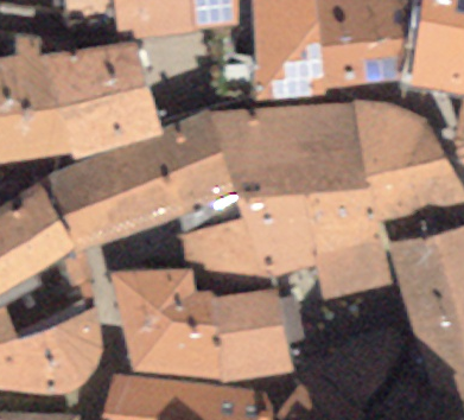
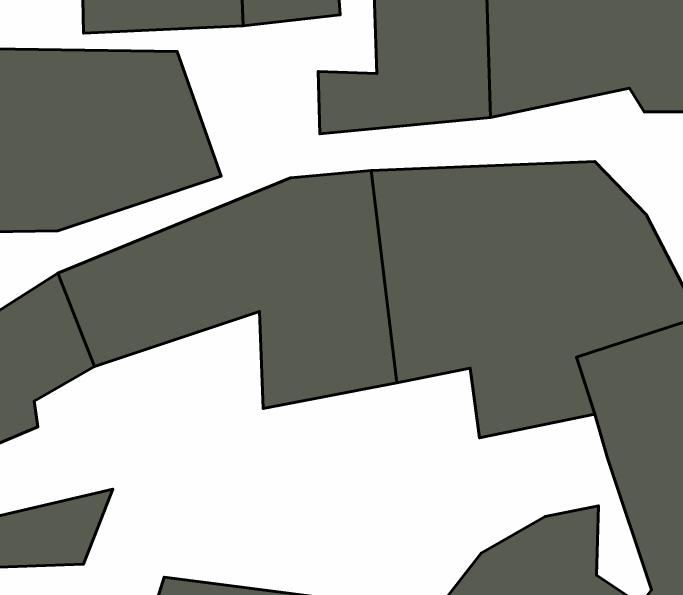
building: [129,259,288,368] -> none

